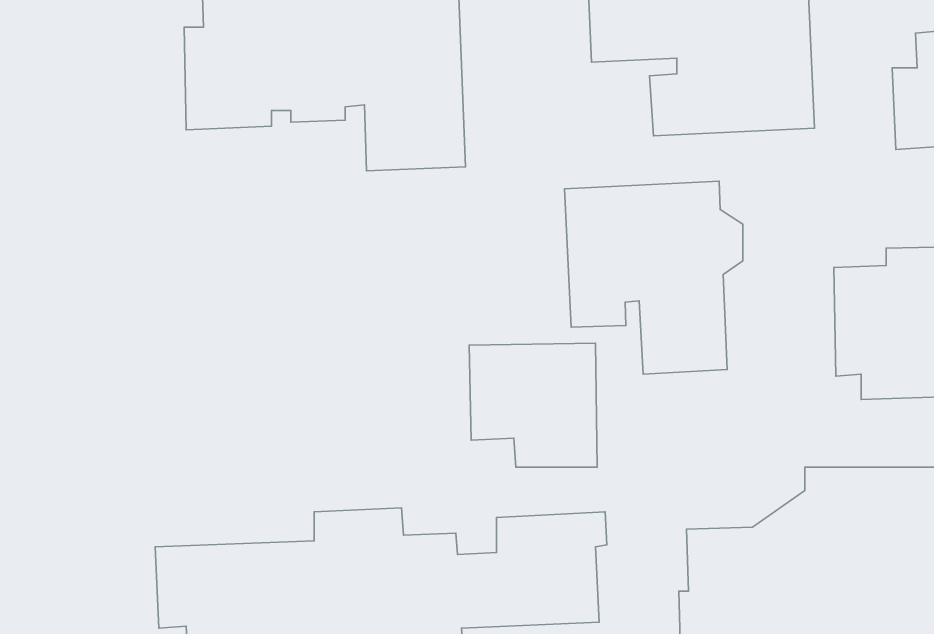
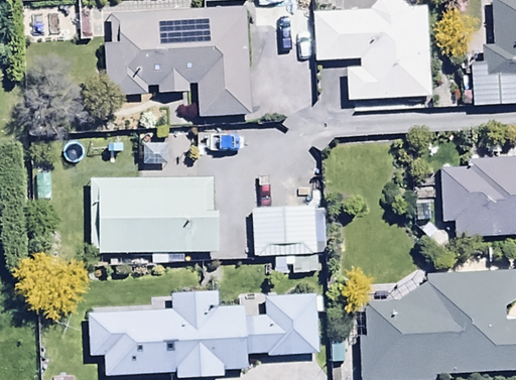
building: [565,181,743,374] -> none
building: none -> [92,176,218,252]

